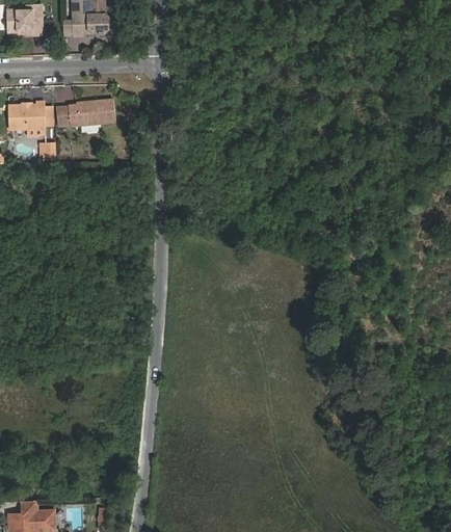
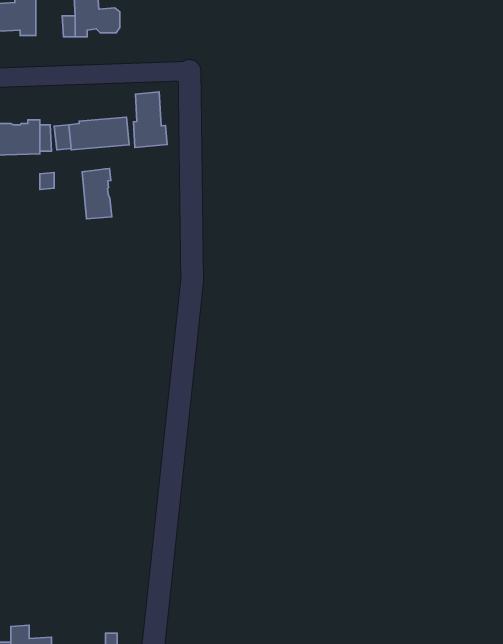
building: none -> [134,92,167,148]
building: none -> [82,168,112,219]

